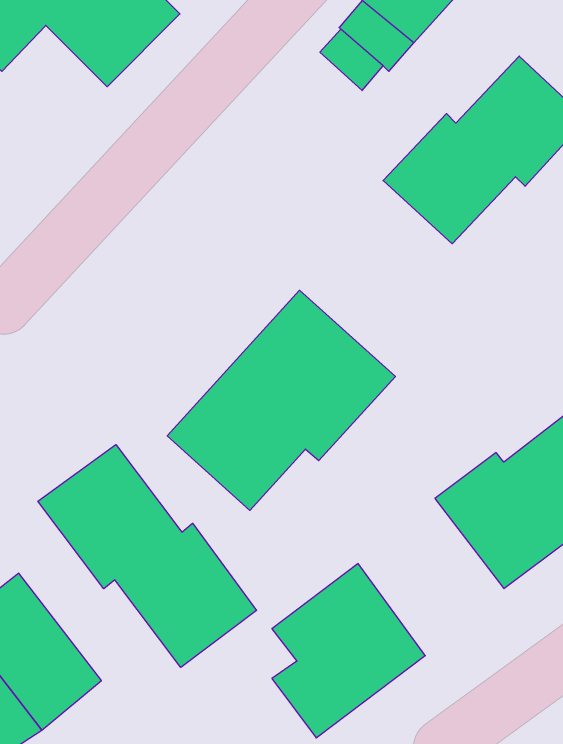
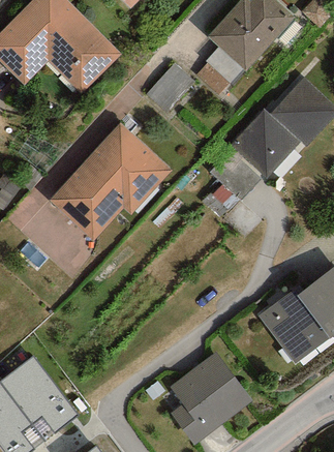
building: none -> [147,62,193,111]
building: [167,290,395,510] -> [49,122,172,241]
building: [38,445,257,667] -> none

